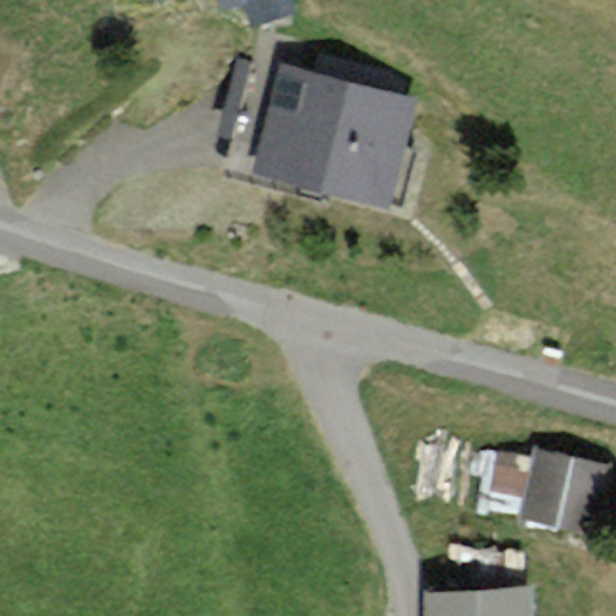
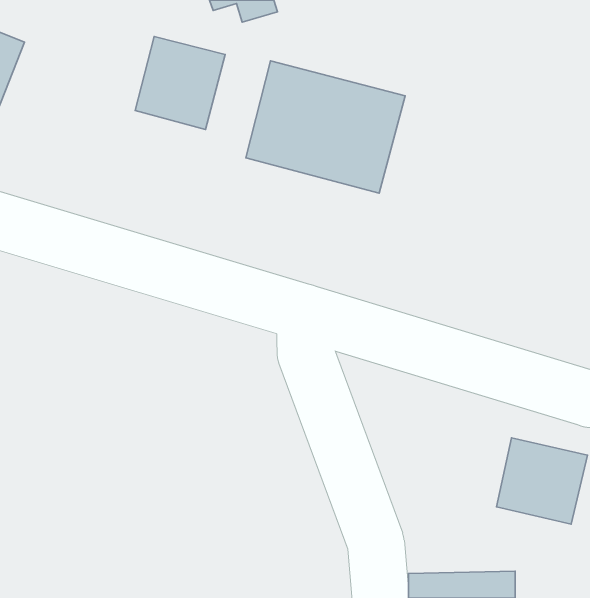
building: none -> [135,36,225,130]

